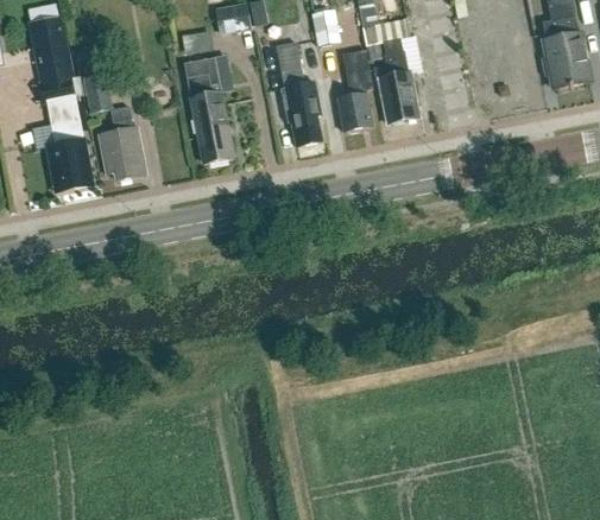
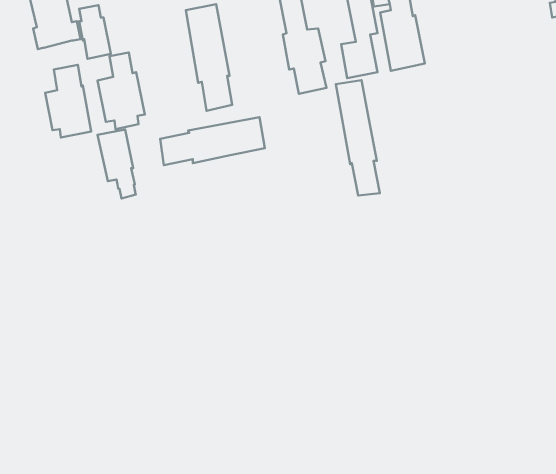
building: none -> [336,80,380,196]
building: none -> [160,117,265,165]
building: none -> [98,130,136,199]

